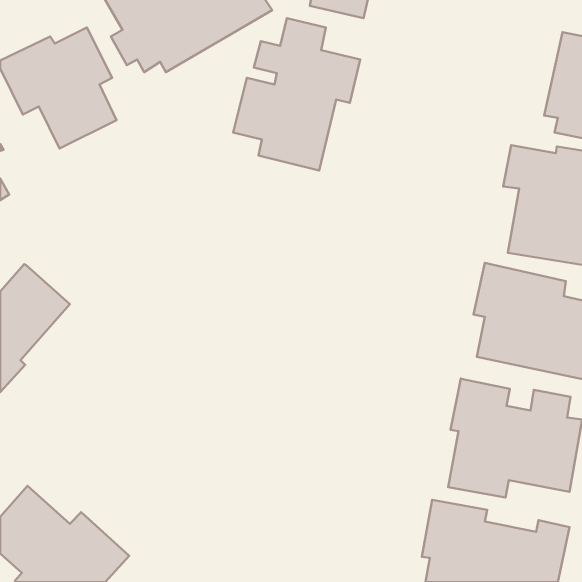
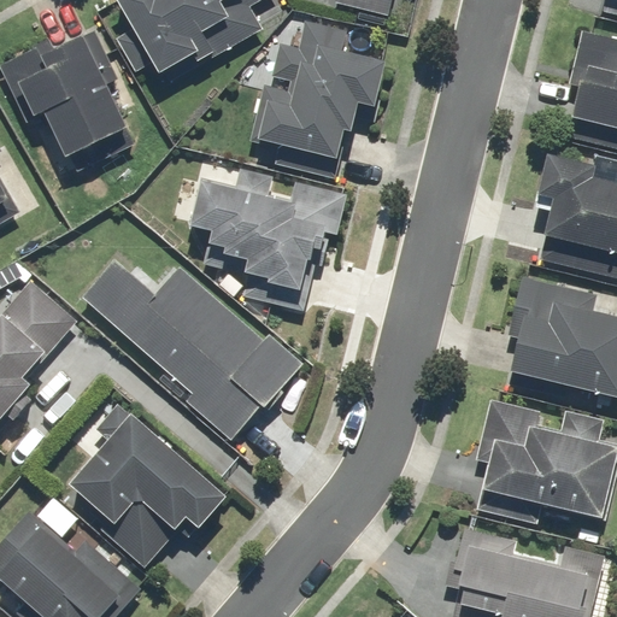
building: none -> [175,159,352,310]
building: none -> [82,260,302,441]
building: none -> [69,400,227,568]

